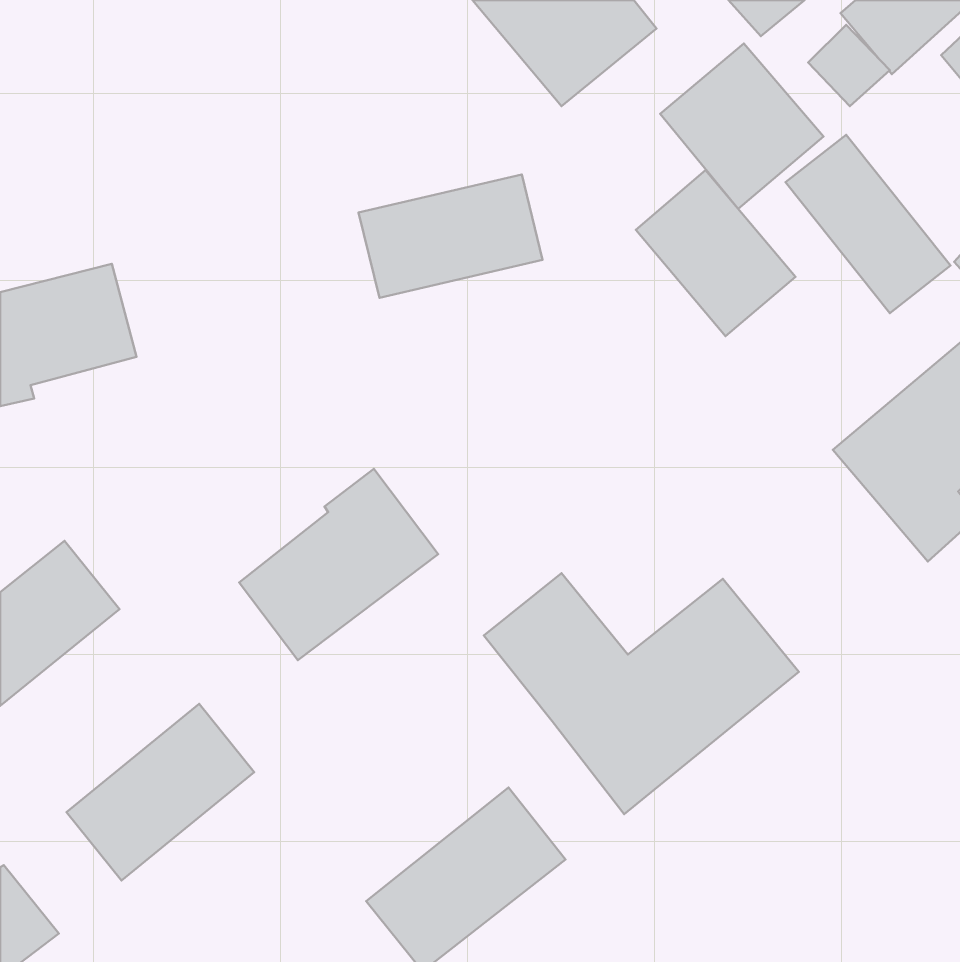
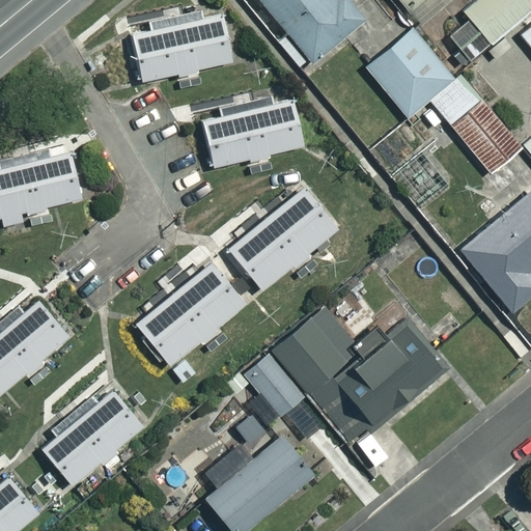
building: none -> [132,17,229,81]
building: [636,170,795,336] -> none
building: none -> [228,189,336,289]
building: none -> [242,352,307,420]

